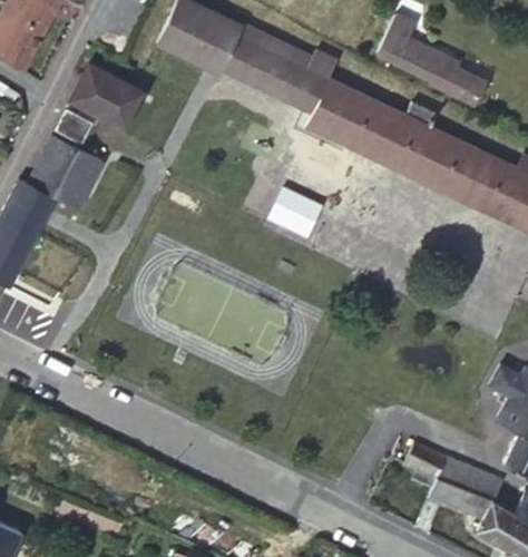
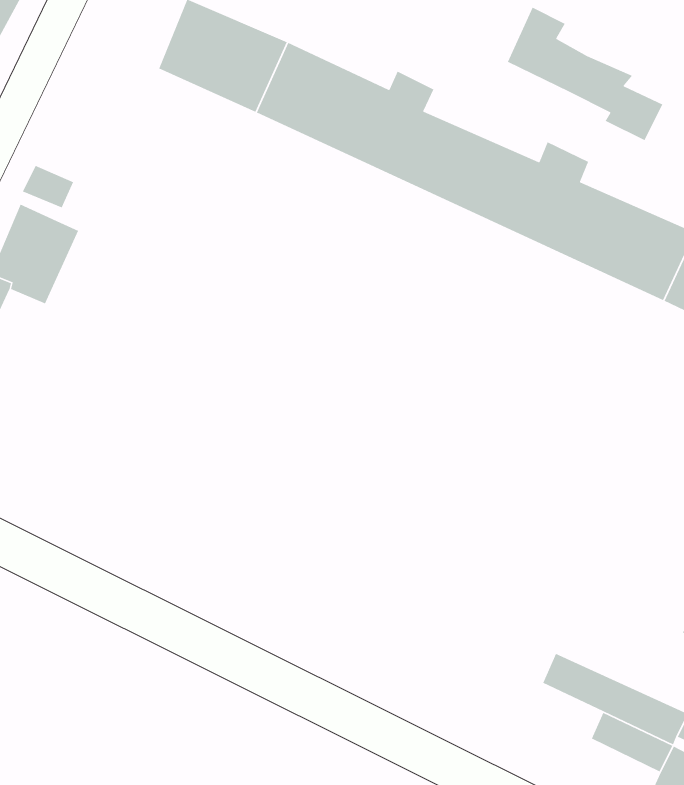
building: [77,68,143,125] -> none

